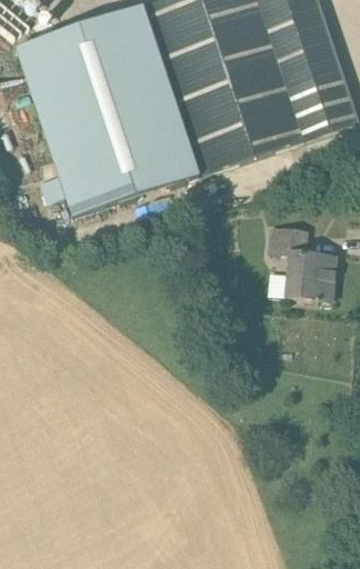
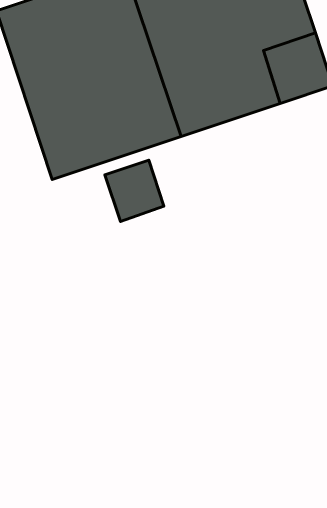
building: none -> [105,160,164,222]
building: [267,224,336,299] -> none

